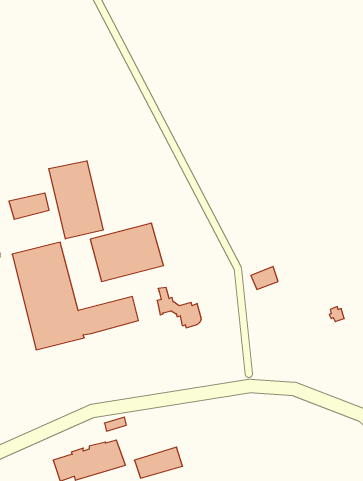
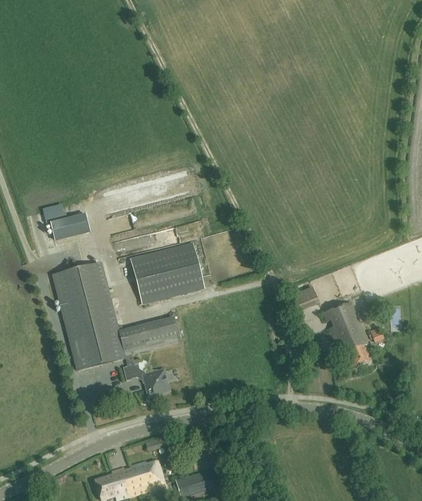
building: [49,161,103,239] -> none
building: none -> [322,301,370,368]
building: [157,288,201,328] -> [122,353,166,393]

